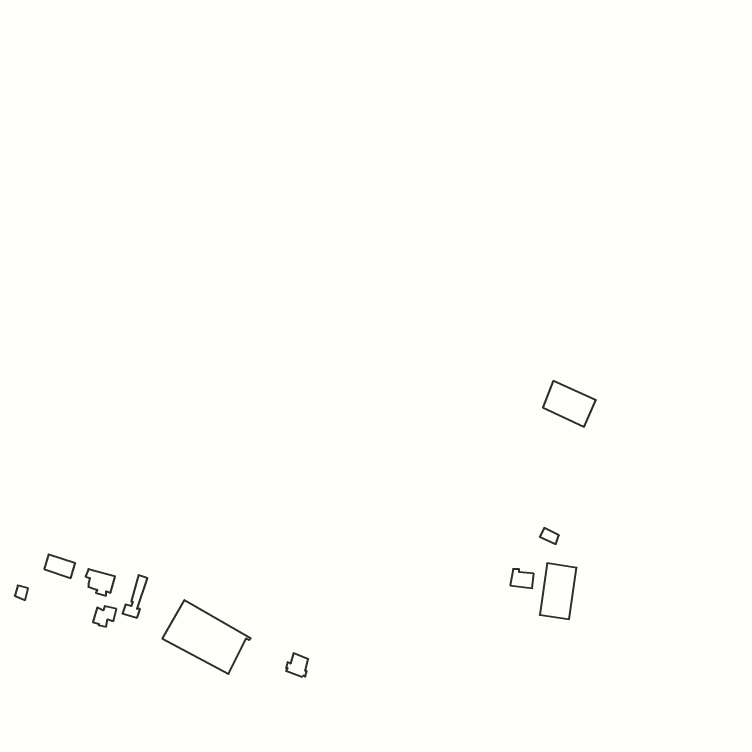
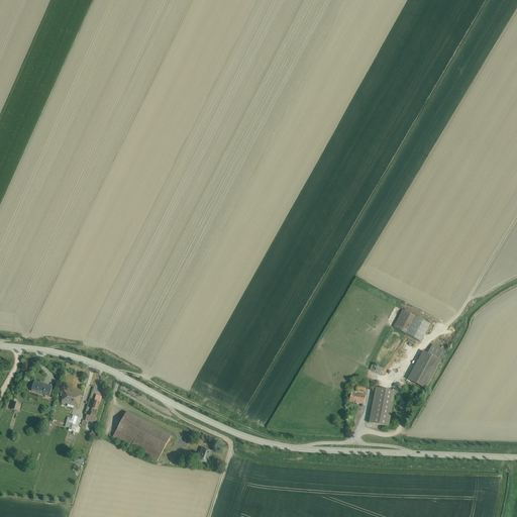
building: [543,381,596,427] -> [394,308,430,339]
building: none -> [408,342,445,387]

